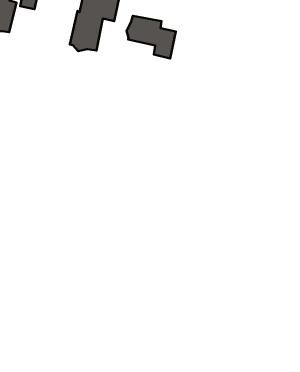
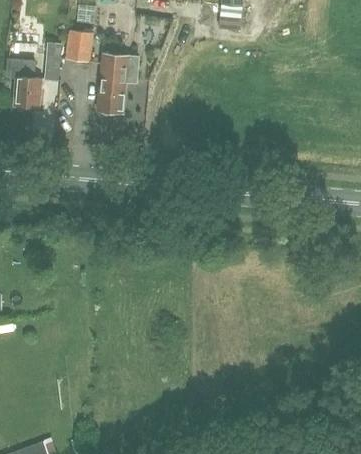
building: [126,16,176,58] -> none

